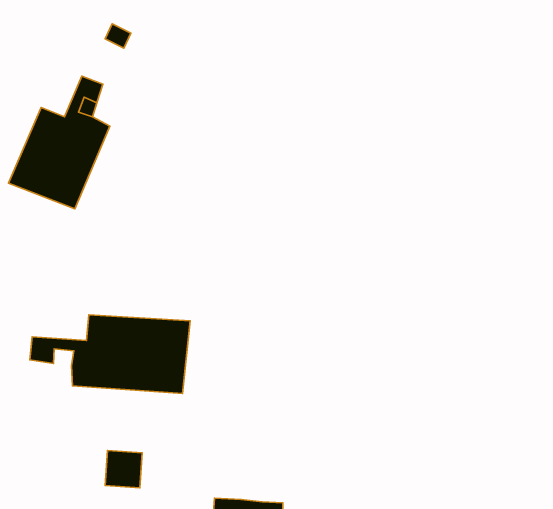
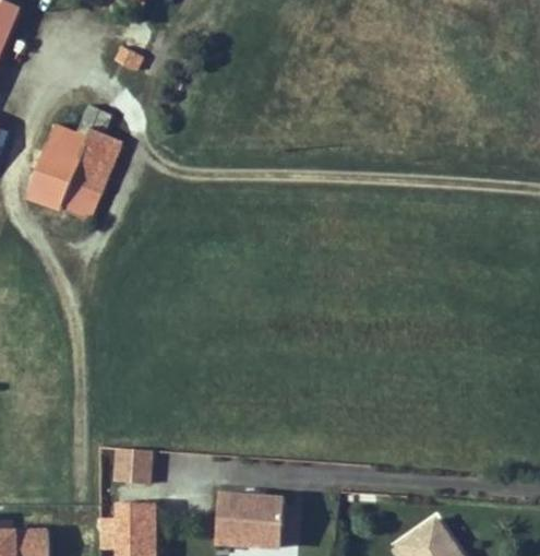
building: [30,315,190,393] -> none

